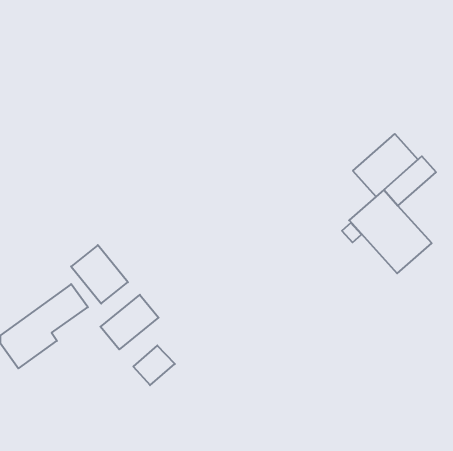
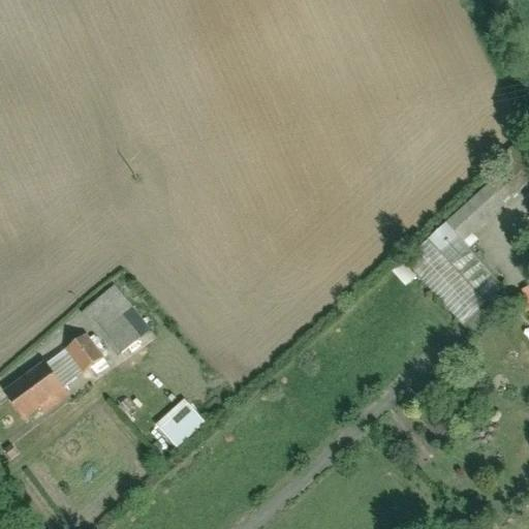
building: [353,134,418,197] -> none
building: [100,295,159,349] -> none

